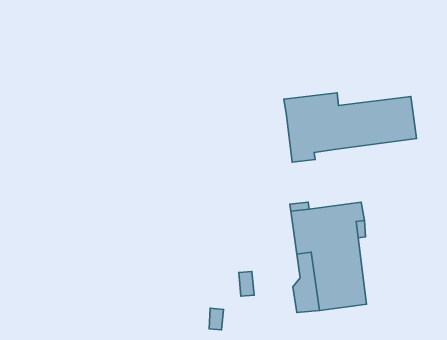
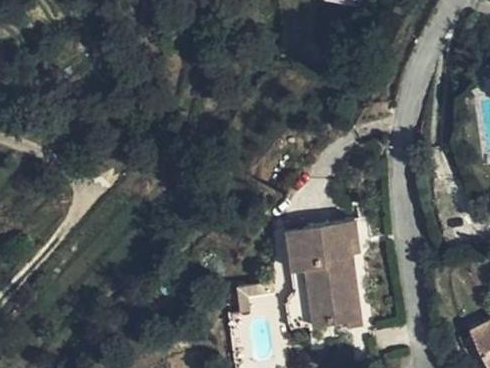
building: [284,93,416,162] -> none

